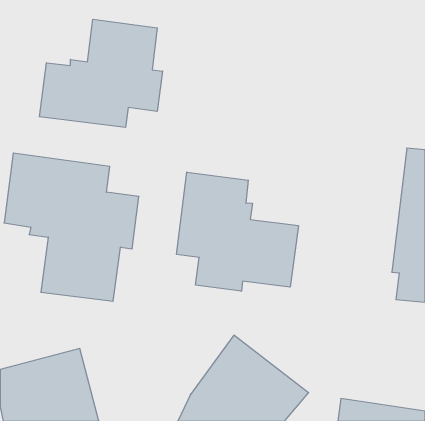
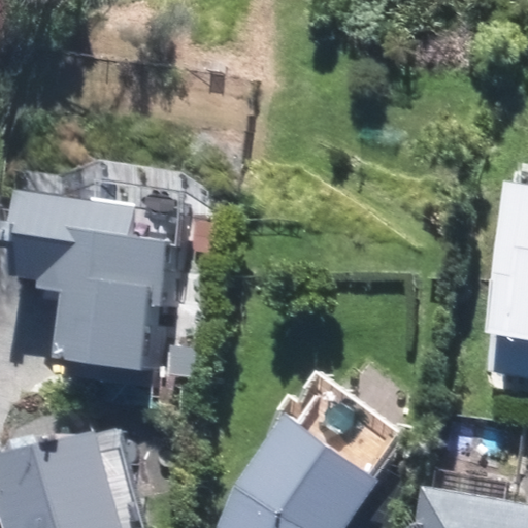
building: [39,19,163,127] -> none
building: [177,172,298,291] -> none

